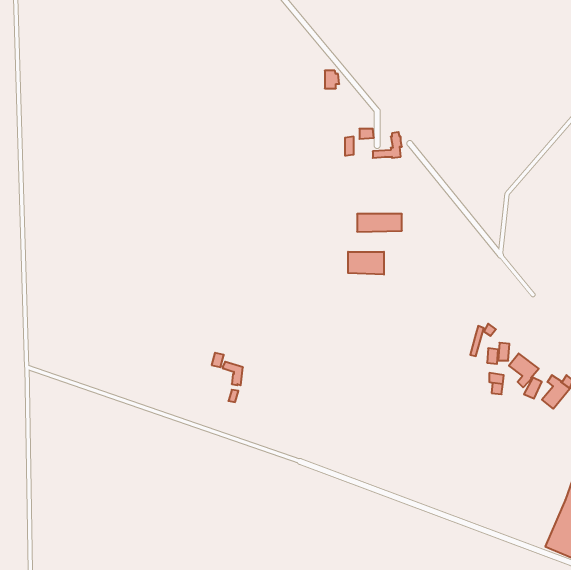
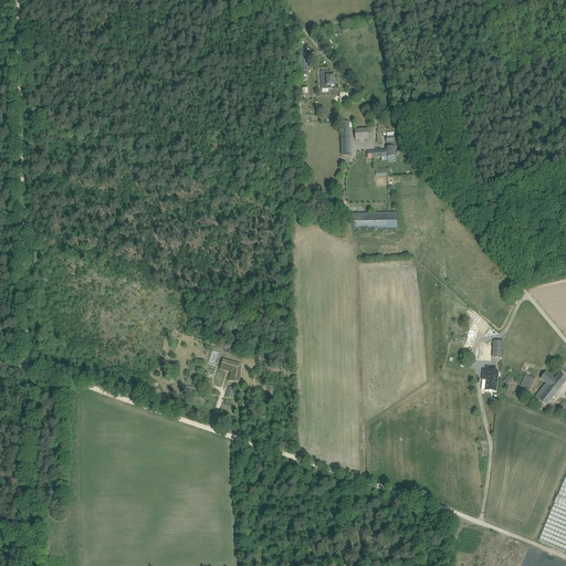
building: [348,252,384,275] -> none
building: [509,353,539,387] -> none

